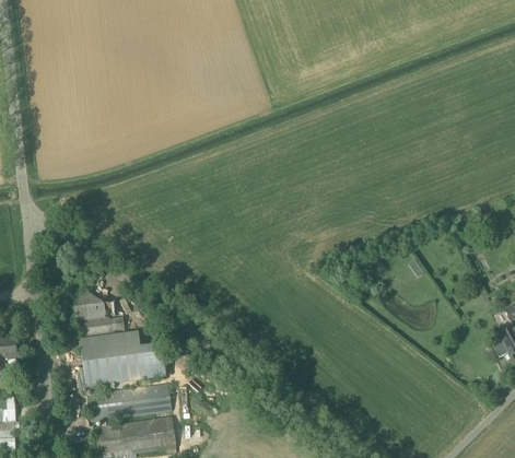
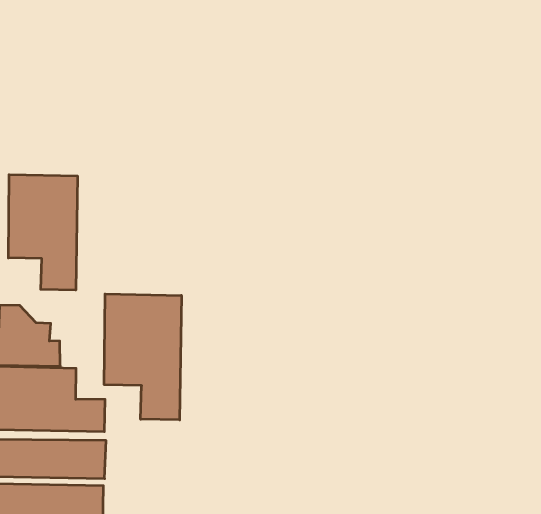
building: none -> [8,175,77,290]
building: none -> [104,294,181,420]

